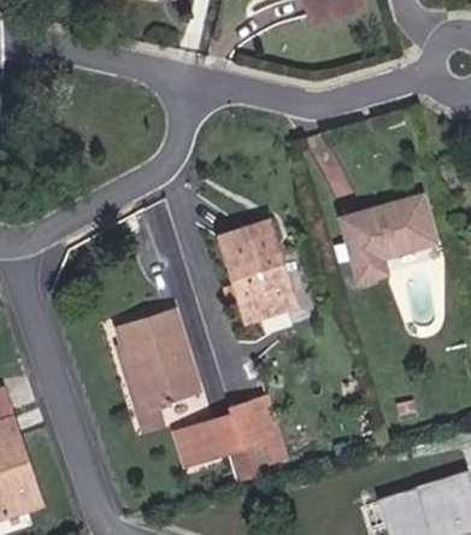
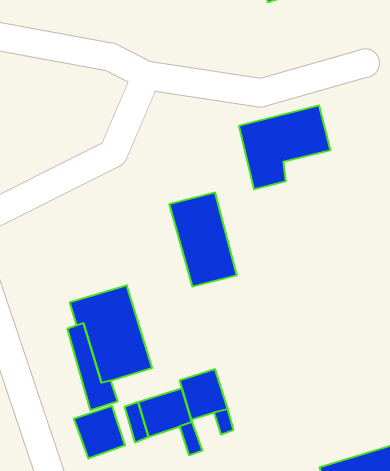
building: [346,189,442,277] -> [239,105,331,189]
building: none -> [74,406,125,459]

